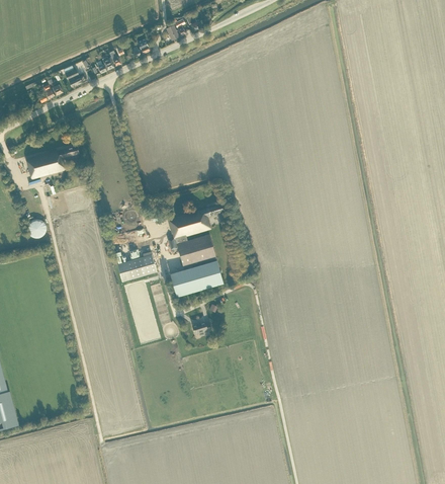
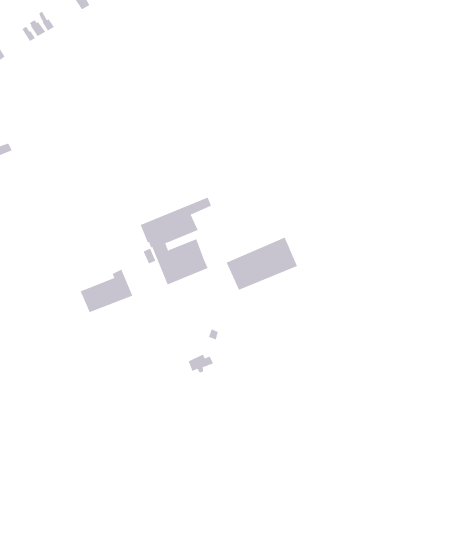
building: [169,260,223,297] -> [226,237,298,291]

